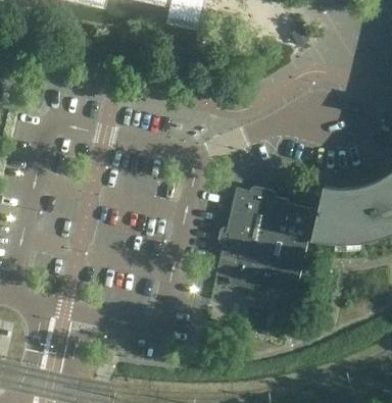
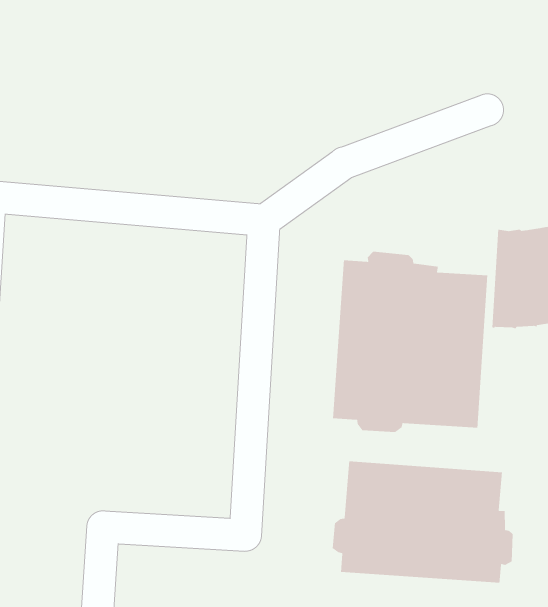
building: none -> [332,461,514,584]

